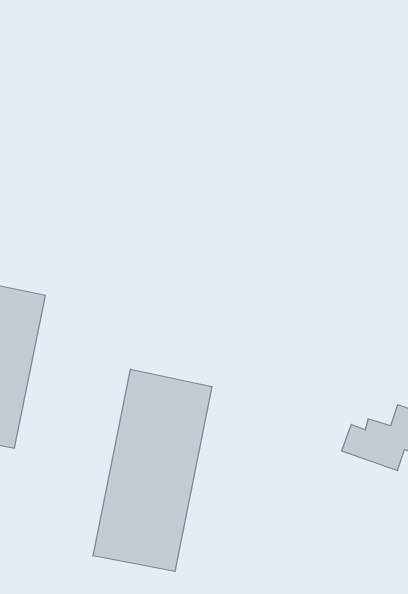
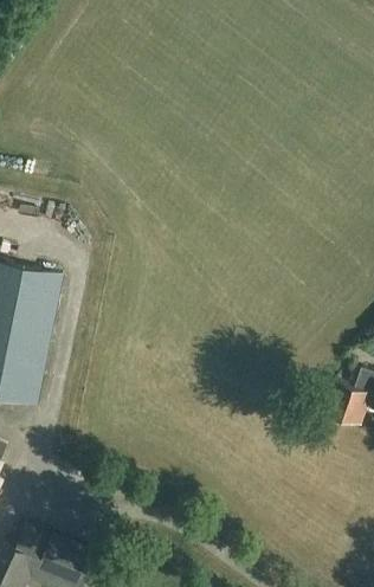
building: [93,369,212,572] -> none

